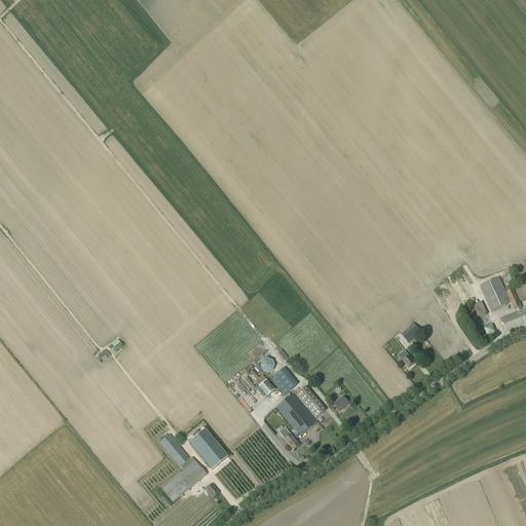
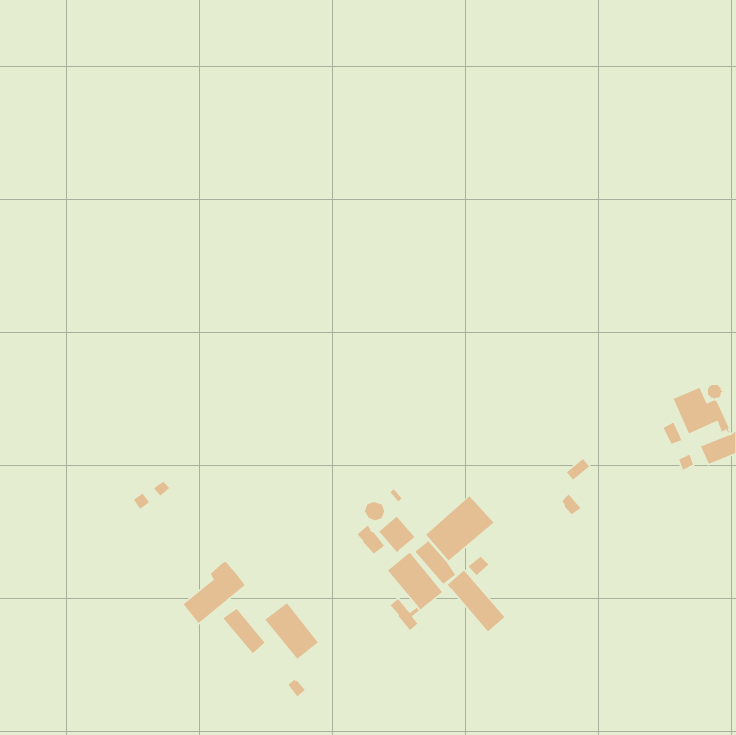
building: none -> [425,496,494,562]
building: none -> [447,570,505,633]
building: [160,456,205,501] -> [182,561,246,624]

